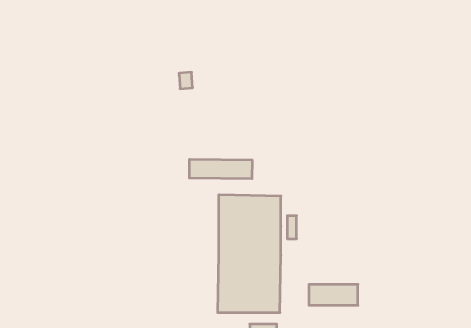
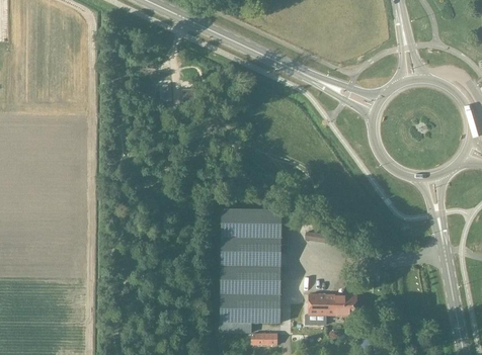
building: [189,159,252,179] -> none

